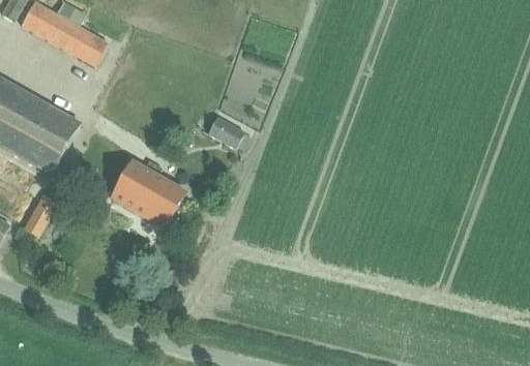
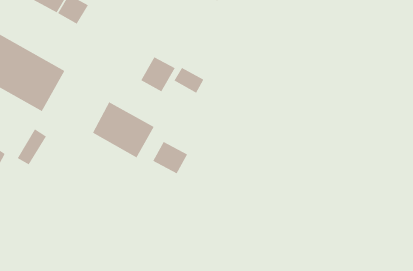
building: none -> [140,56,175,92]
building: none -> [152,141,188,174]

